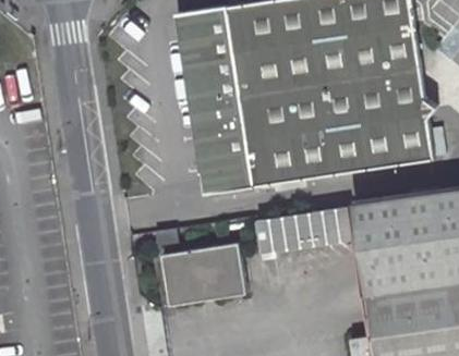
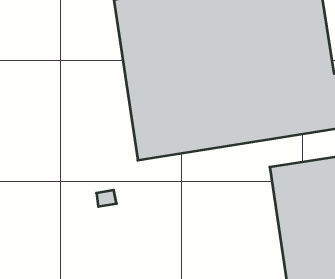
building: [256,208,353,254] -> none
building: [161,243,246,306] -> none

